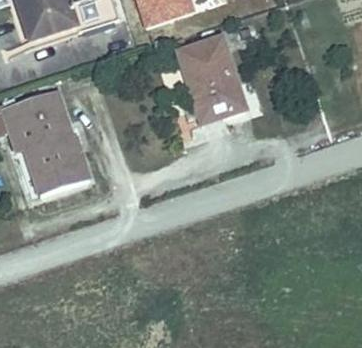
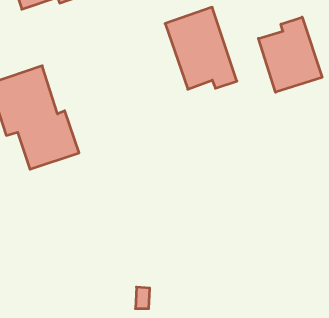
building: none -> [258,17,322,92]

